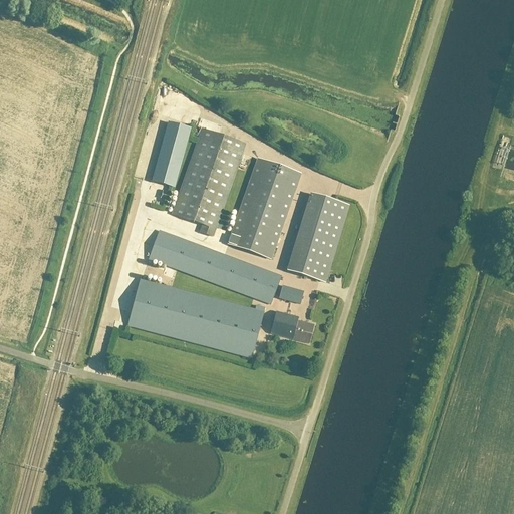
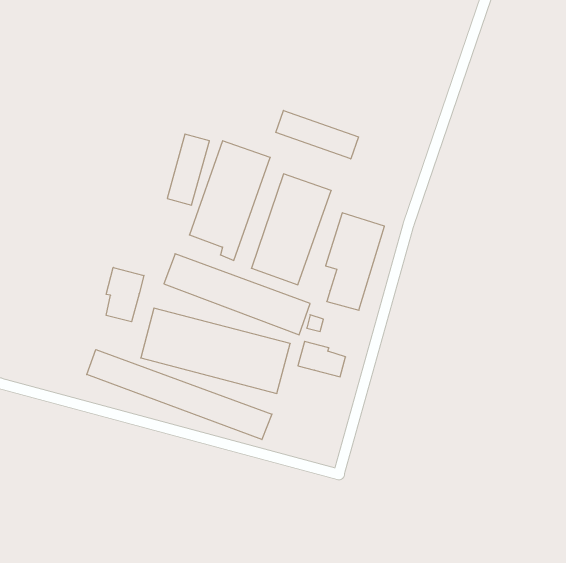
building: none -> [276,110,359,159]
building: none -> [106,267,144,322]
building: none -> [87,350,272,440]

